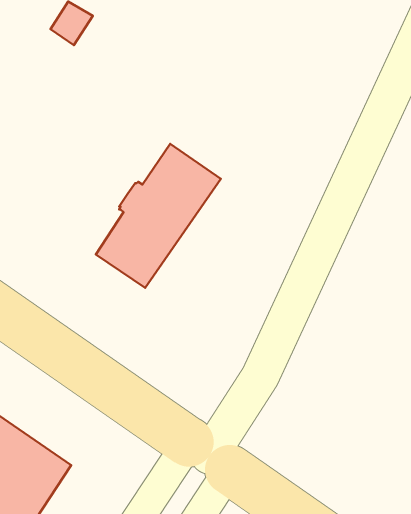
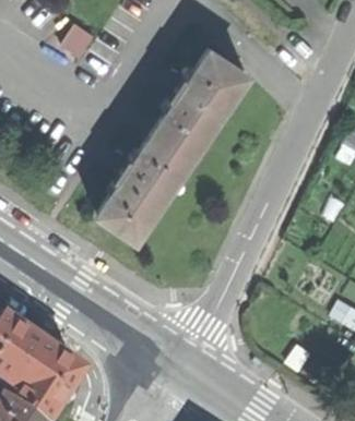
building: none -> [154,47,248,156]

